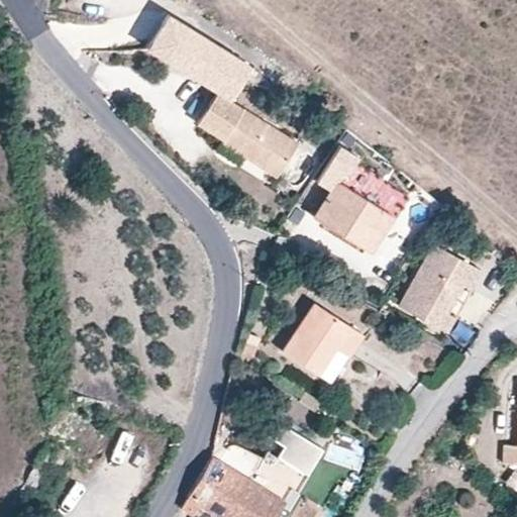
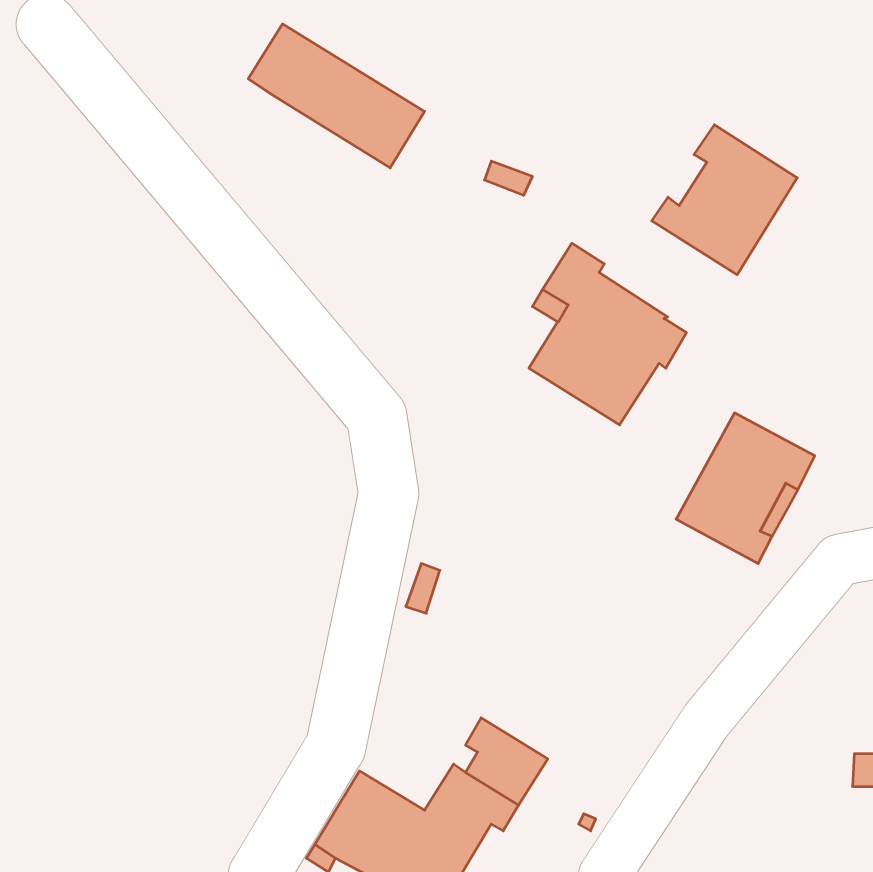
building: none -> [652,125,797,275]
building: [198,93,299,178] -> none
building: [283,303,364,384] -> none

